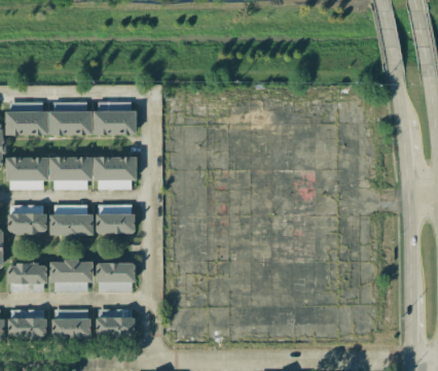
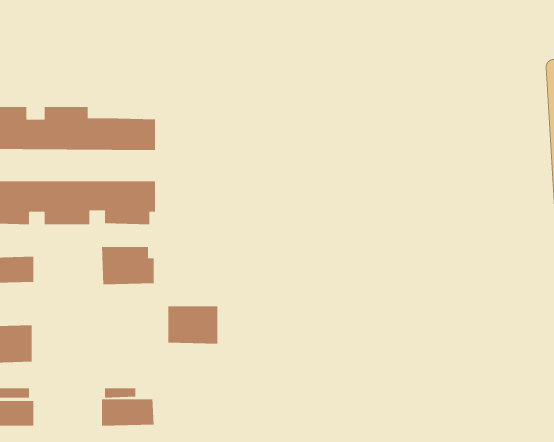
building: [49,204,93,235] -> none
building: [49,261,93,292] -> none
building: [97,263,134,292] -> [168,305,218,345]
building: [52,308,89,339] -> none

